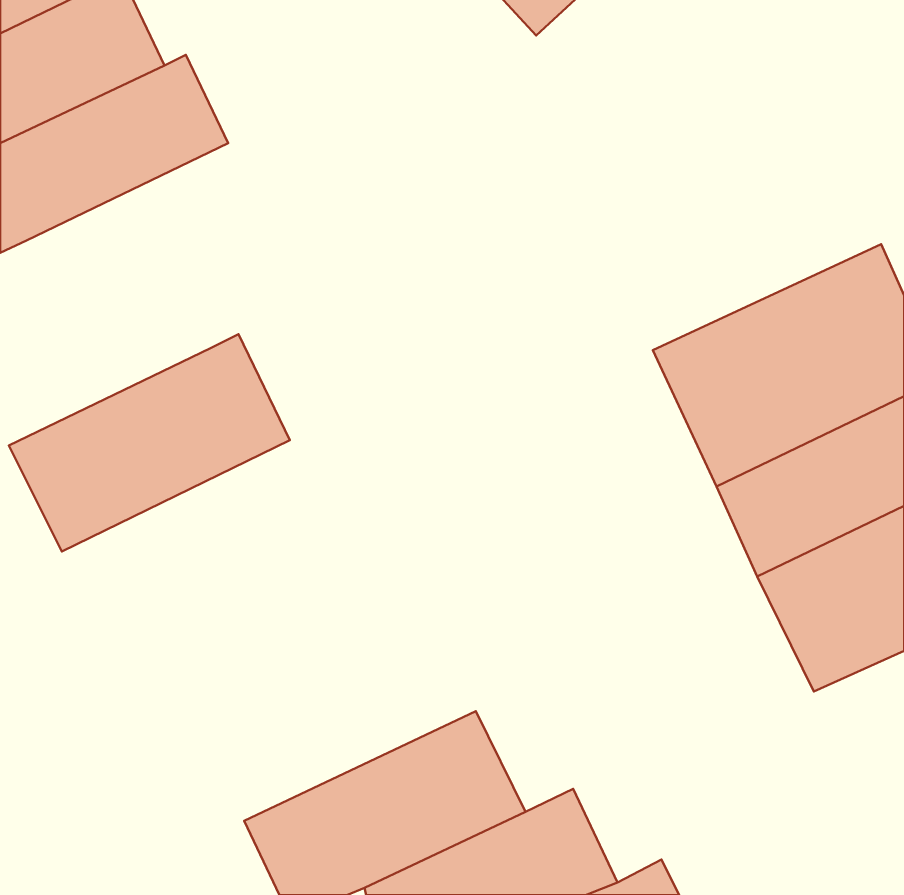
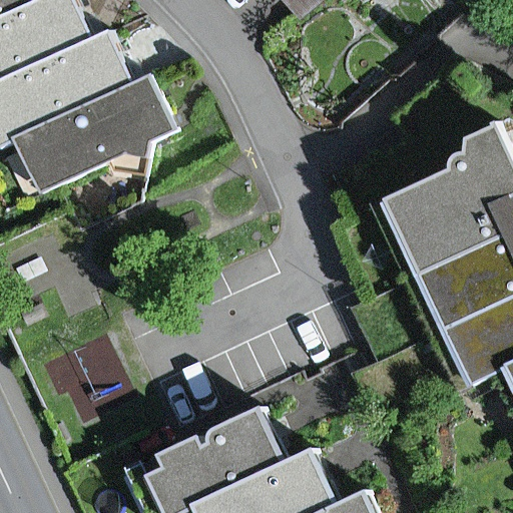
building: [9,334,290,552] -> [15,73,174,196]

